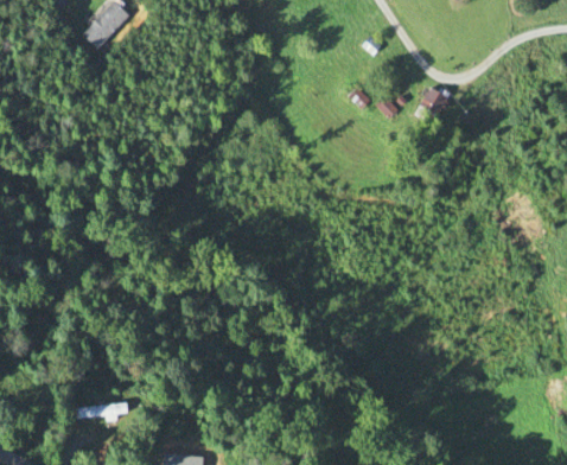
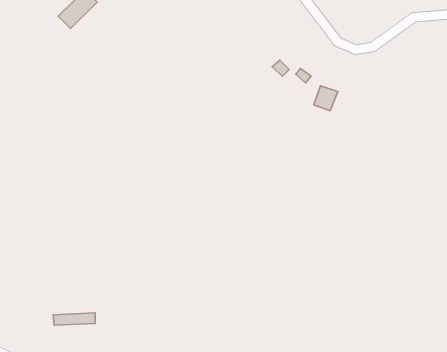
building: [420,85,450,116] -> [314,86,338,111]

